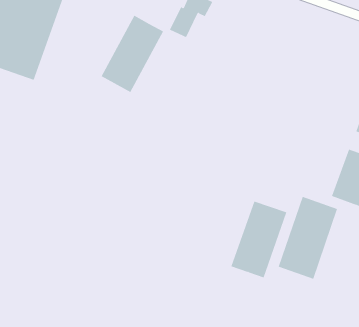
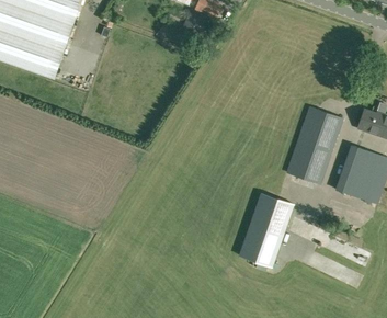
building: [101,15,164,93] -> none
building: [278,196,338,279] -> [286,105,343,184]

